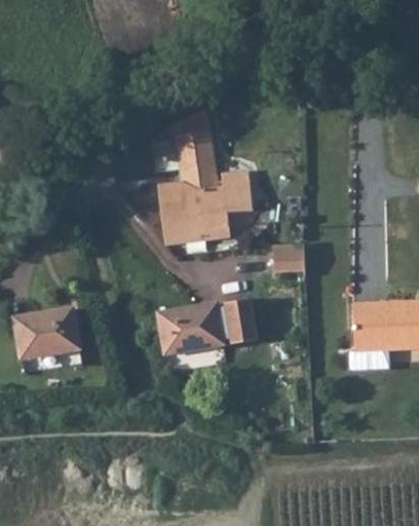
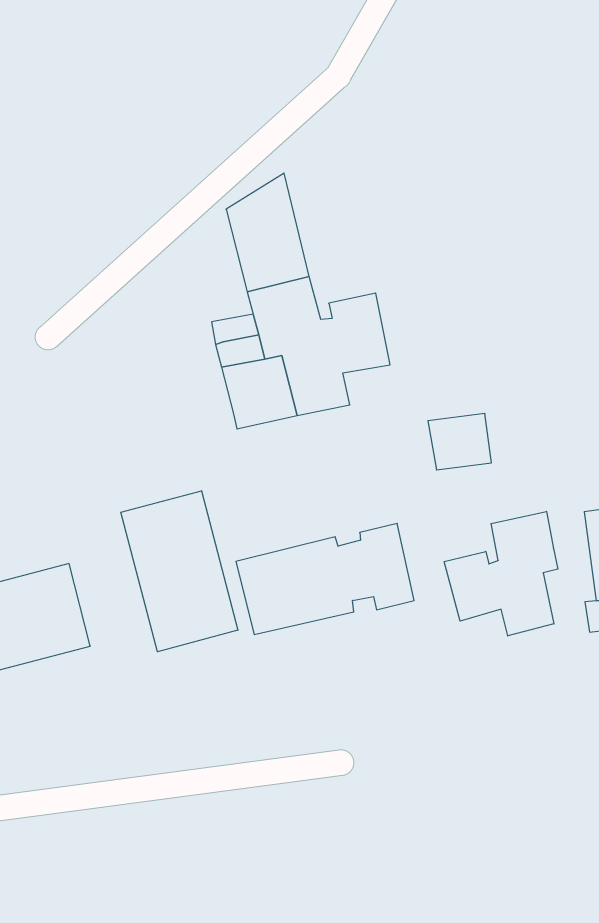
building: none -> [121,491,238,652]
building: none -> [444,511,558,636]

